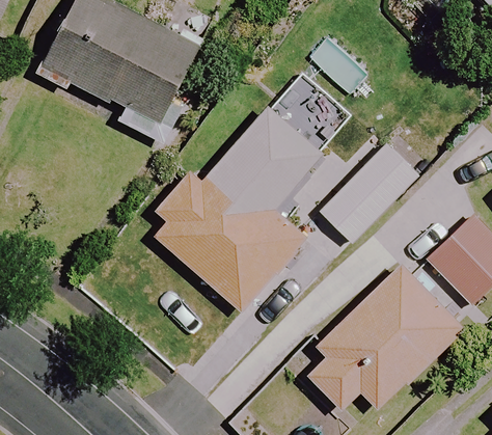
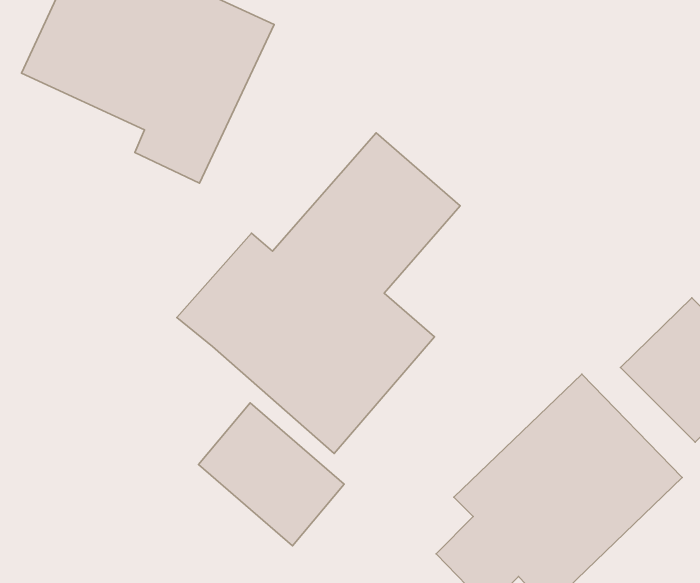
building: [320,144,418,244] -> none
building: none -> [199,403,344,546]

